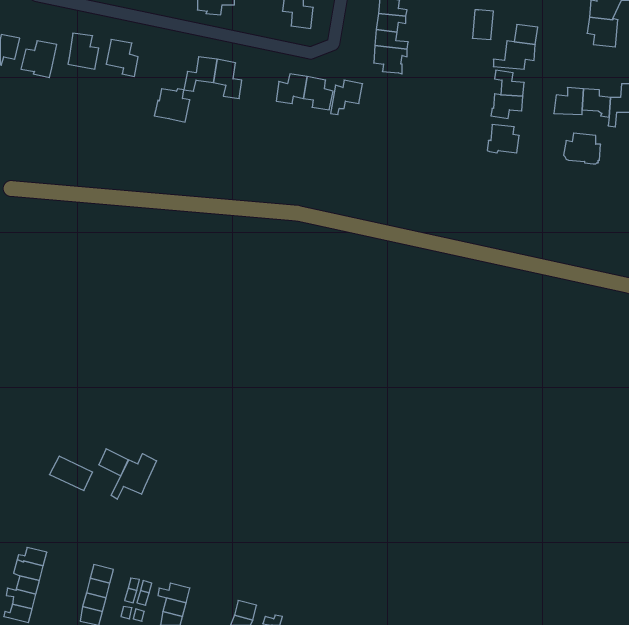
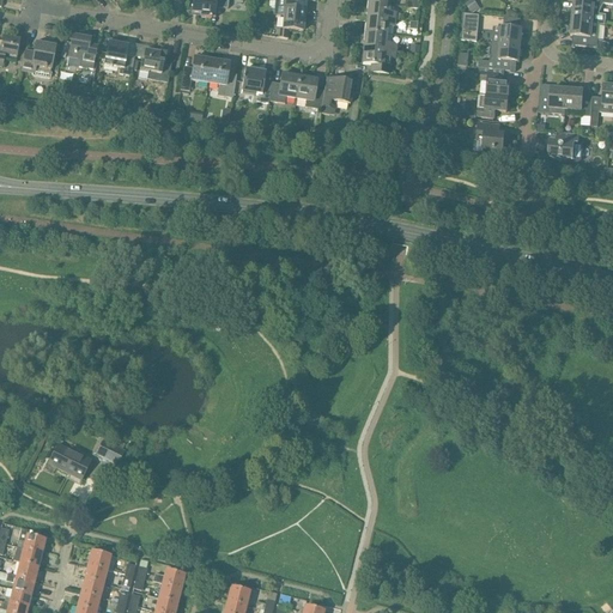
building: none -> [242,66,272,101]
building: [154,89,190,122] -> [138,48,172,80]
building: [111,454,157,499] -> none

